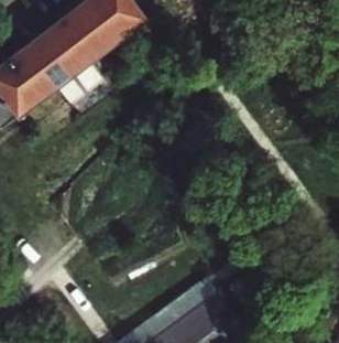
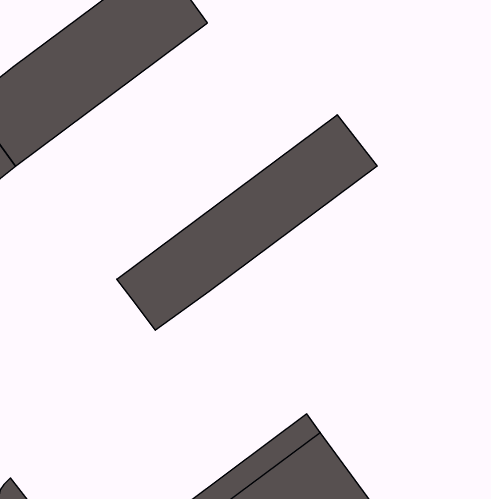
building: none -> [117,115,377,330]

